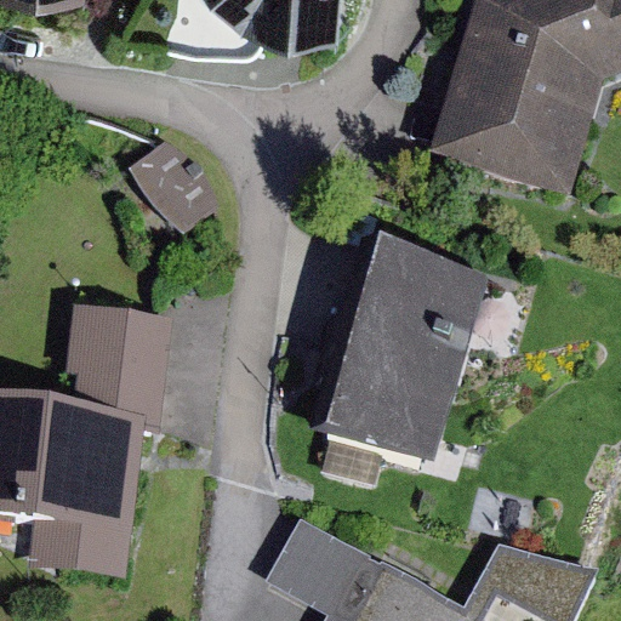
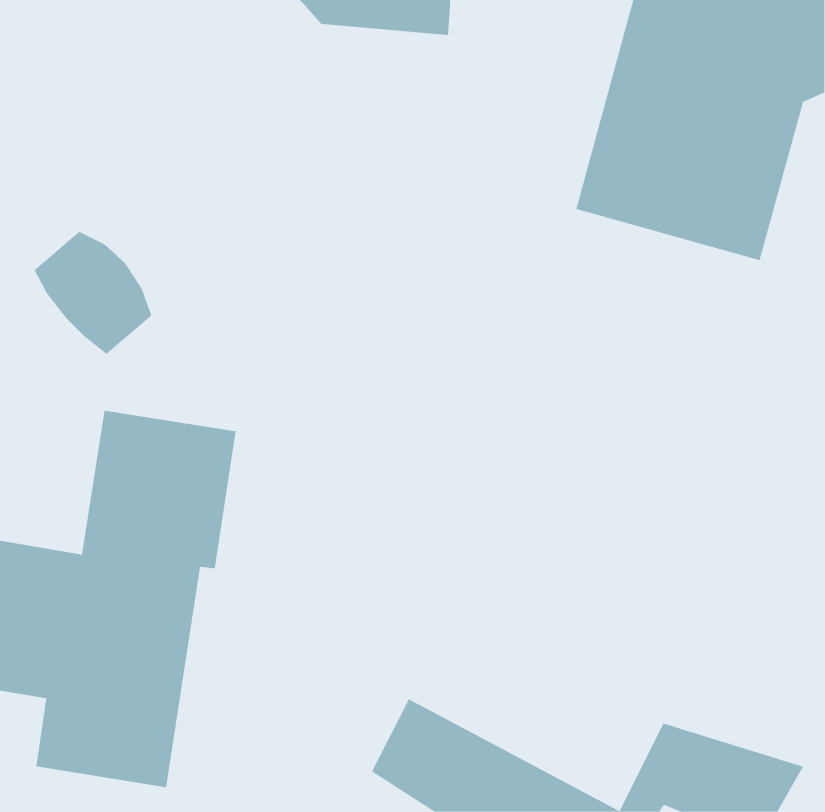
building: [130,138,218,230] -> [34,231,152,354]
building: [315,250,482,466] -> none

